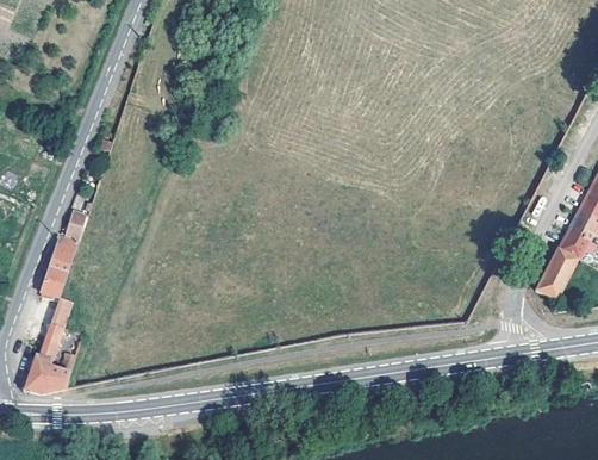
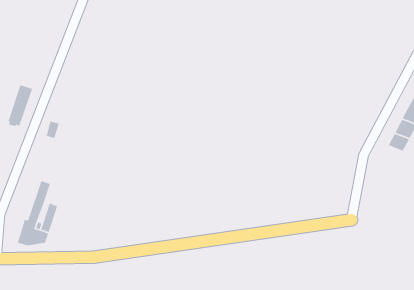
building: [42,237,79,299] -> [7,84,33,127]
building: [535,247,579,298] -> none

